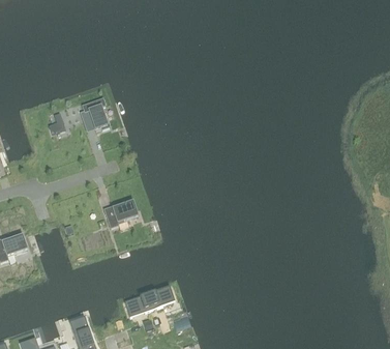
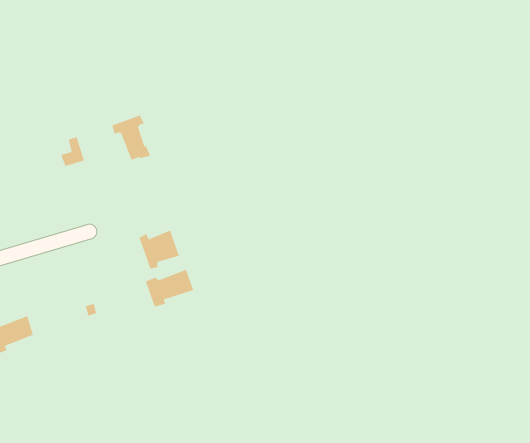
building: none -> [138,230,180,269]
building: [124,286,174,313] -> none

